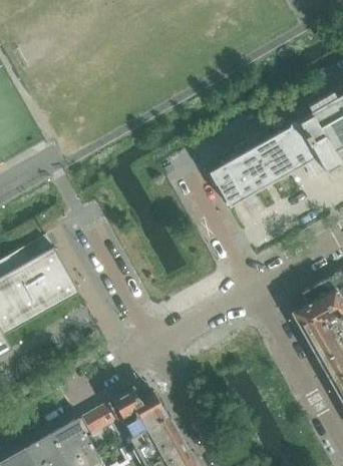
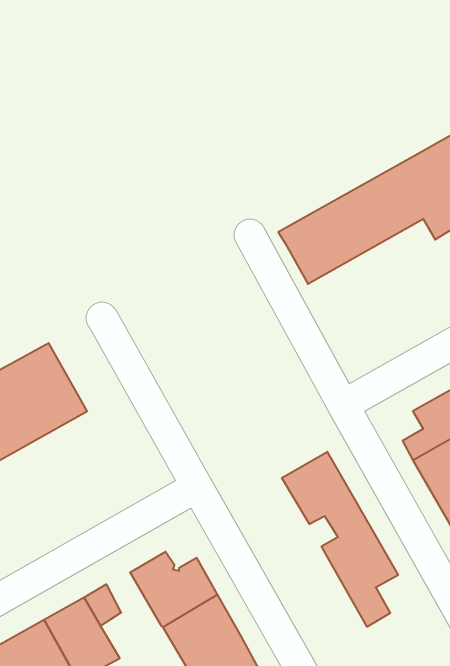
building: none -> [282,452,398,627]
building: [92,401,129,441] -> none

